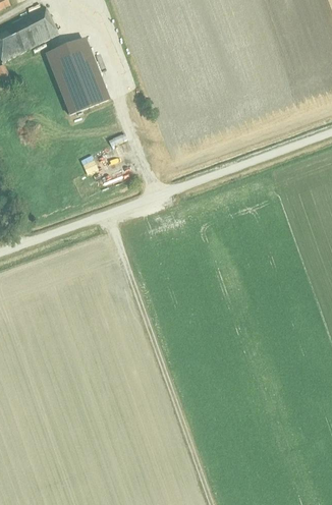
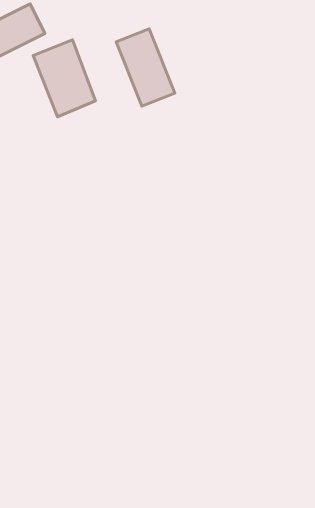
building: none -> [116,29,175,106]

